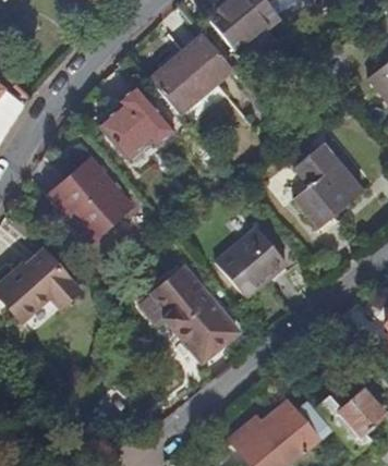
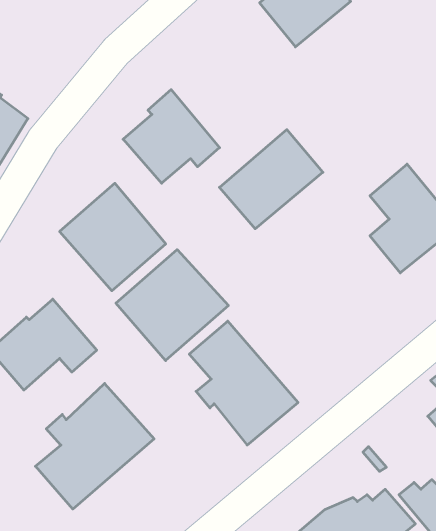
building: [151,35,233,113] -> [219,130,323,229]
building: none -> [116,250,228,361]
building: [215,225,276,283] -> none
building: none -> [35,383,154,509]

